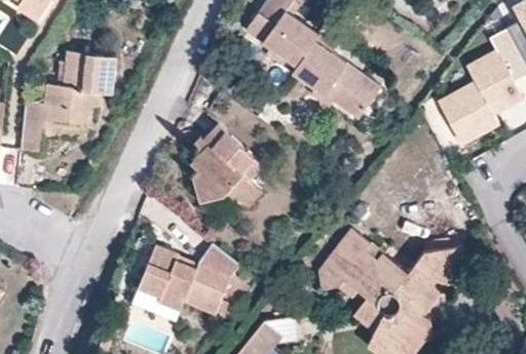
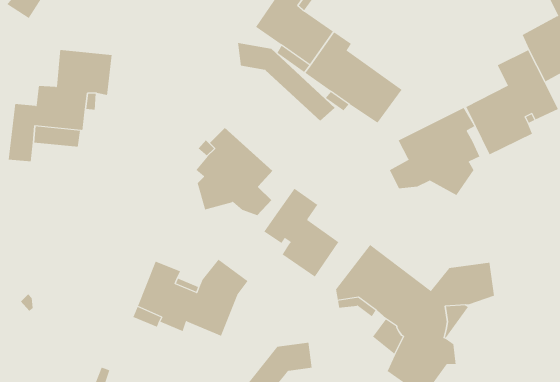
building: none -> [238,42,336,121]
building: none -> [389,107,480,196]
building: none -> [263,188,339,277]

